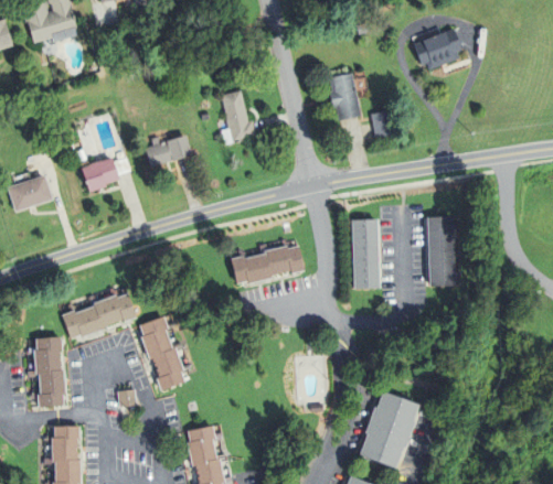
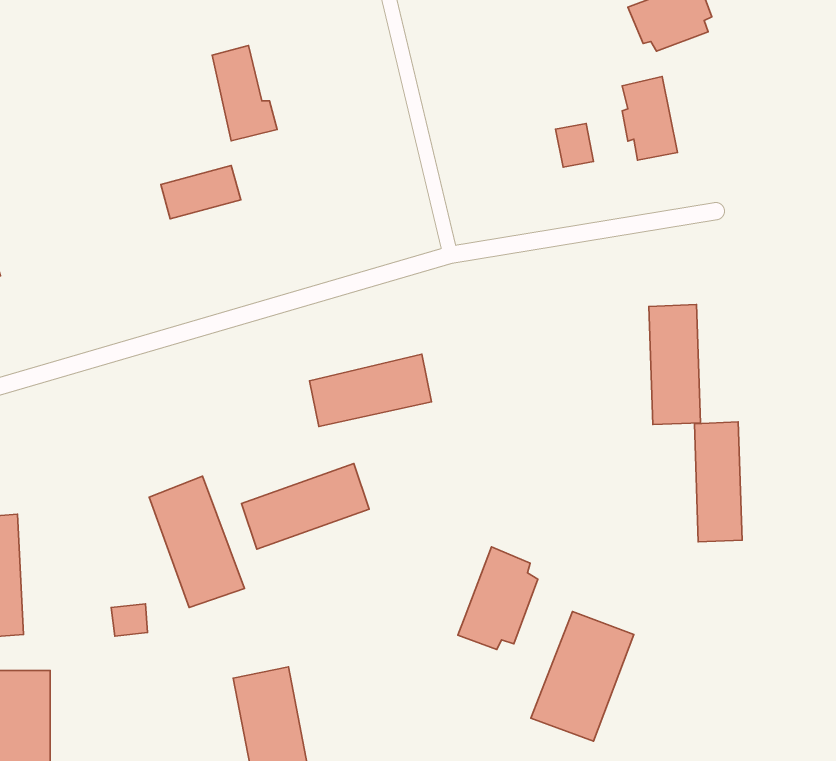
building: [331,72,363,120] -> [622,76,678,160]
building: [220,89,257,144] -> [212,46,277,141]
building: [81,159,117,190] -> none
building: [351,219,379,289] -> [694,422,742,542]
building: [62,292,136,342] -> [241,464,369,549]
building: none -> [458,547,538,650]

